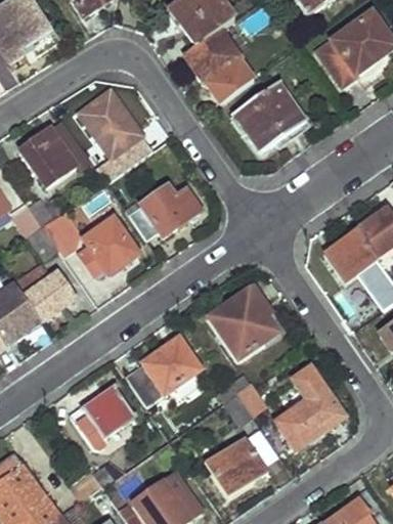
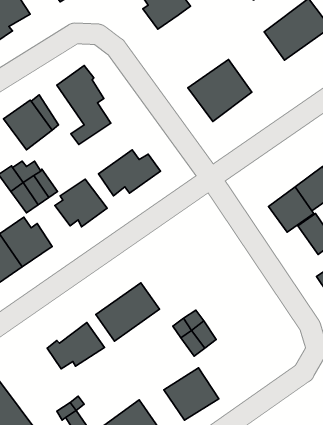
building: [186,30,248,86] -> none
building: [208,286,277,359] -> none
building: [275,367,345,449] -> none

